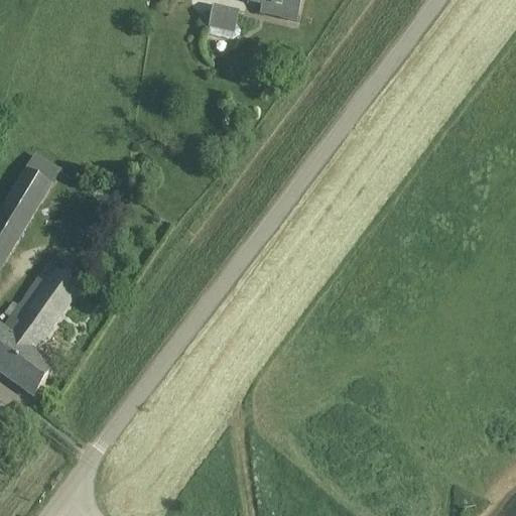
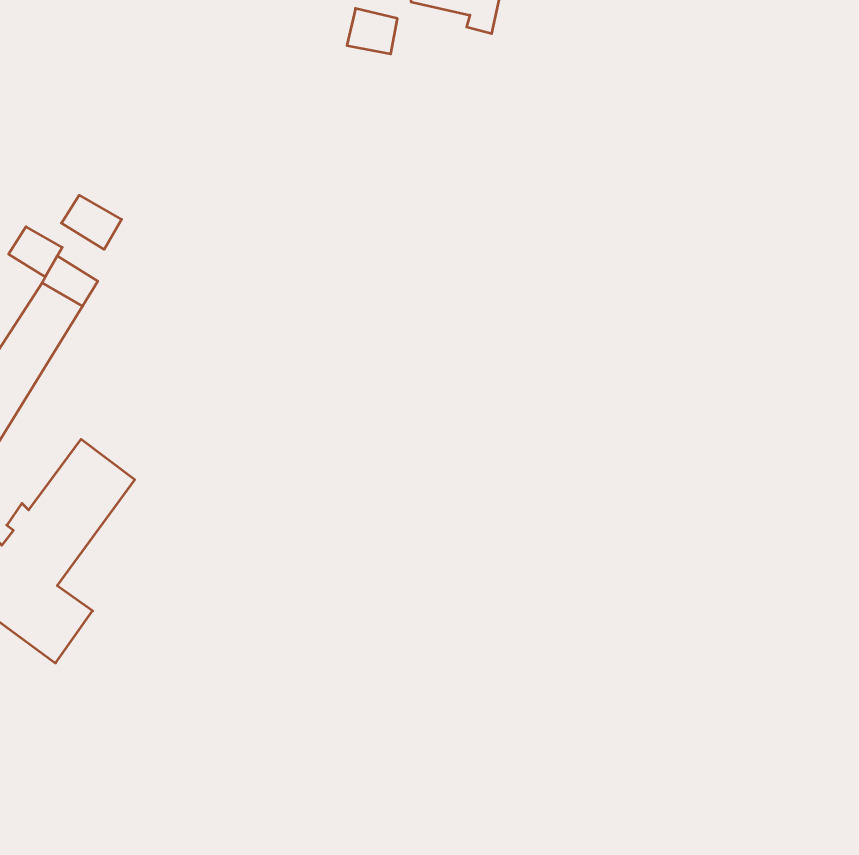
building: none -> [61,195,122,249]
building: none -> [9,227,62,277]

